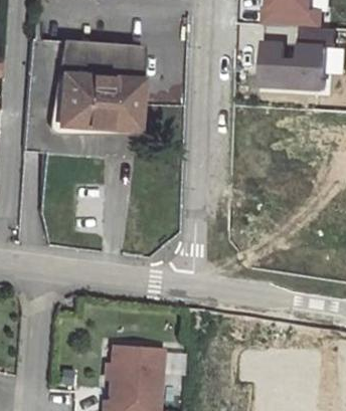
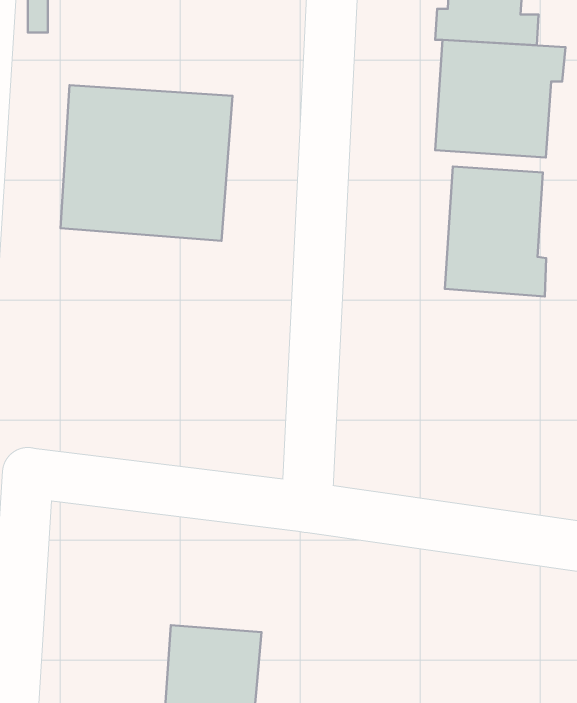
building: none -> [445,167,546,296]

